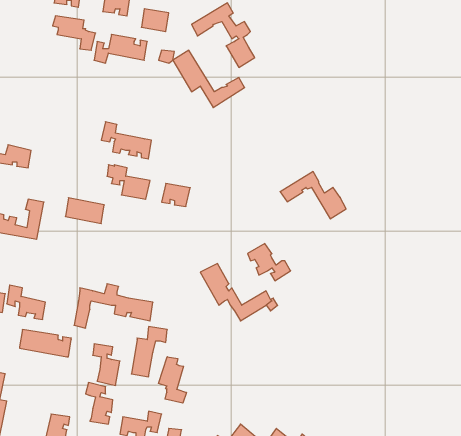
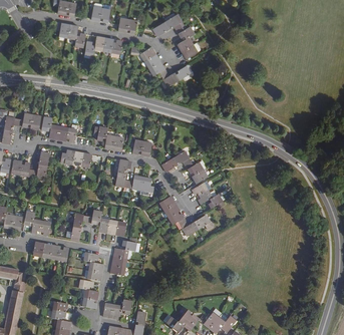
building: [101,122,151,159] -> [40,116,75,142]
building: [280,172,346,219] -> [160,150,207,184]
building: none -> [114,159,150,192]
building: [158,357,186,403] -> none

